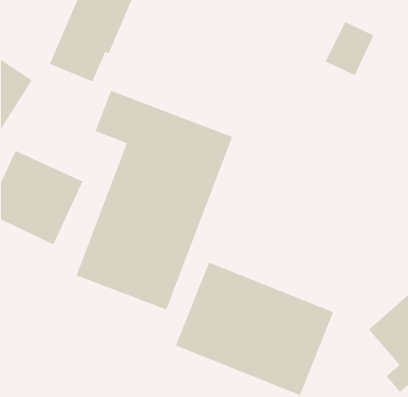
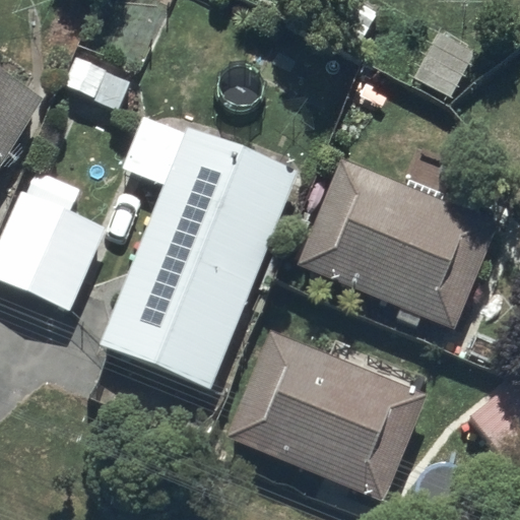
building: none -> [296,159,497,333]

